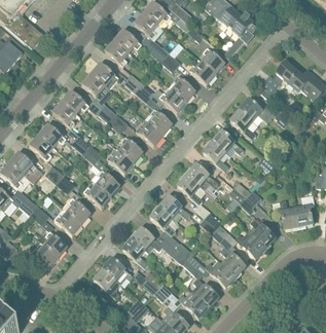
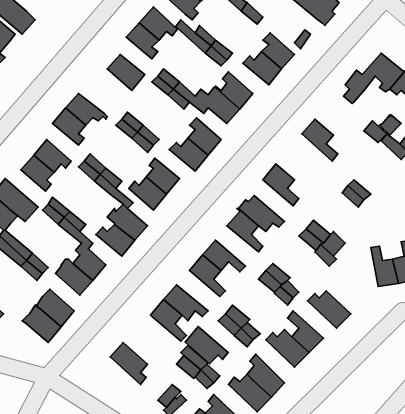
building: [82,73,113,102] -> none
building: [240,98,275,121] -> none
building: [212,130,244,156] -> none
building: [248,217,276,248] -> none
building: [103,257,134,284] -> [185,326,228,364]

